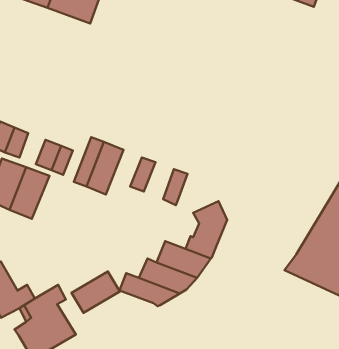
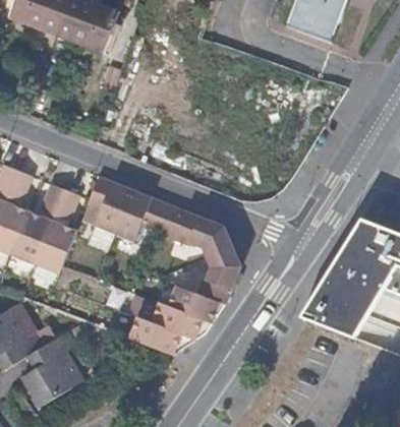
building: none -> [114,189,152,244]
building: none -> [189,215,232,255]
building: none -> [37,217,79,270]
building: [72,271,120,313] -> none

